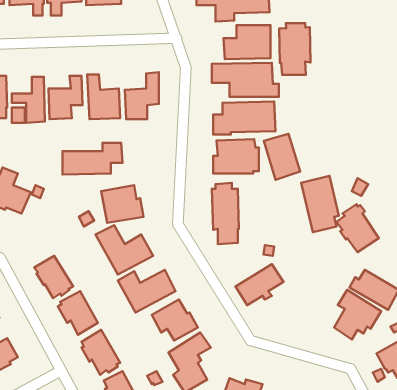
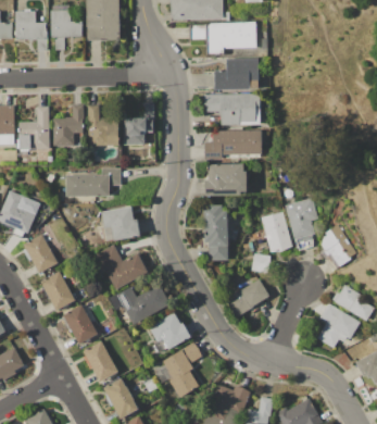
building: [279,23,311,75] -> none
building: [264,134,300,180] -> [259,212,292,254]
building: none -> [22,234,58,273]

